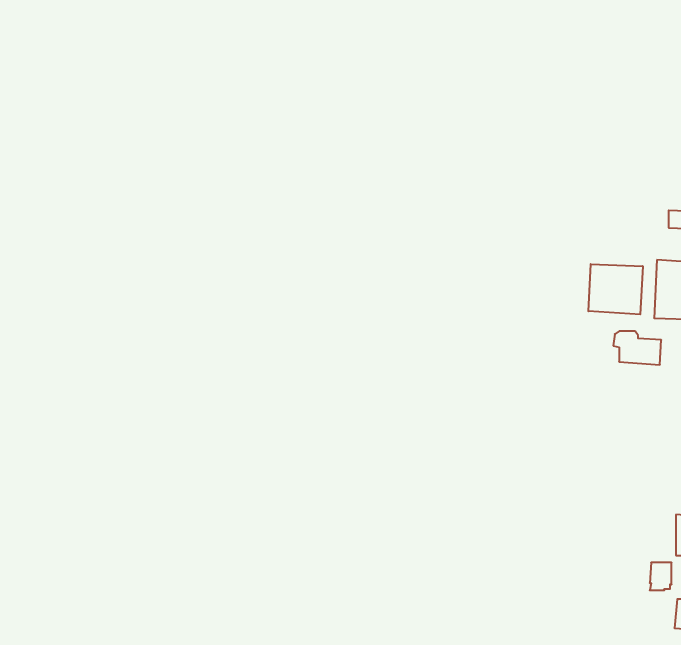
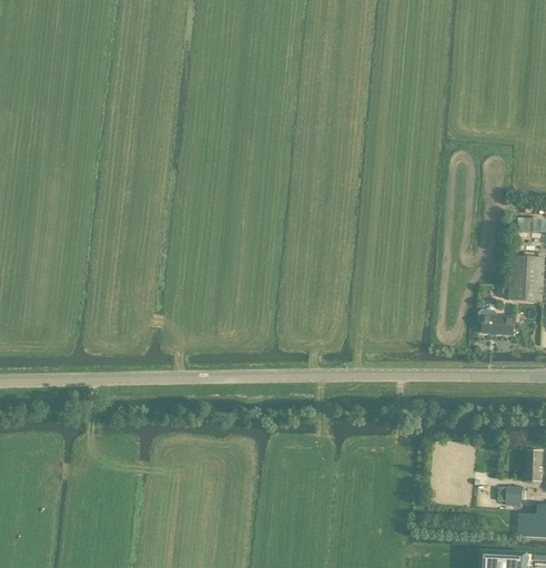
building: [588,264,643,314] -> none

